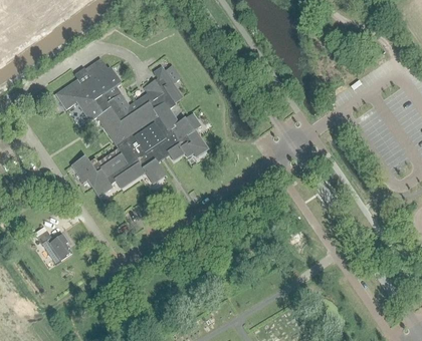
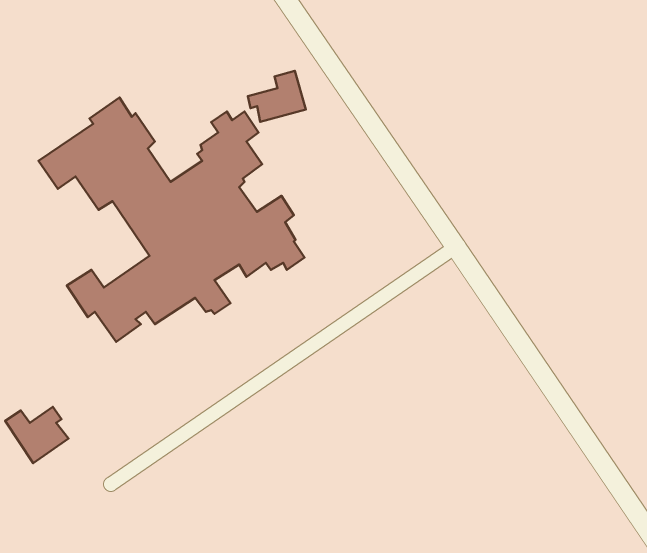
building: none -> [248,71,306,122]

